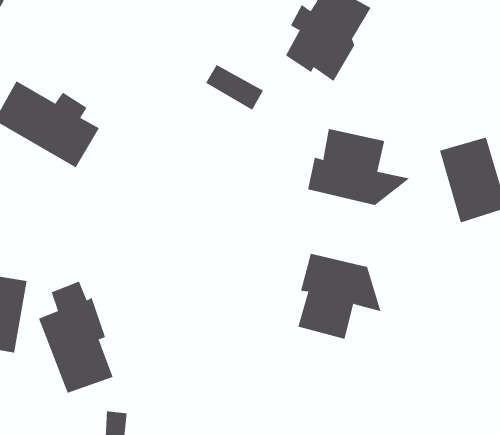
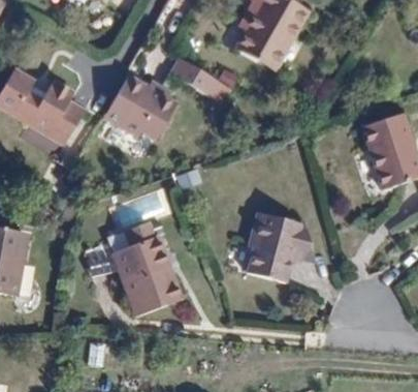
building: none -> [105,80,174,138]
building: [308,128,411,206] -> none
building: [38,281,113,394] -> [114,221,175,314]

